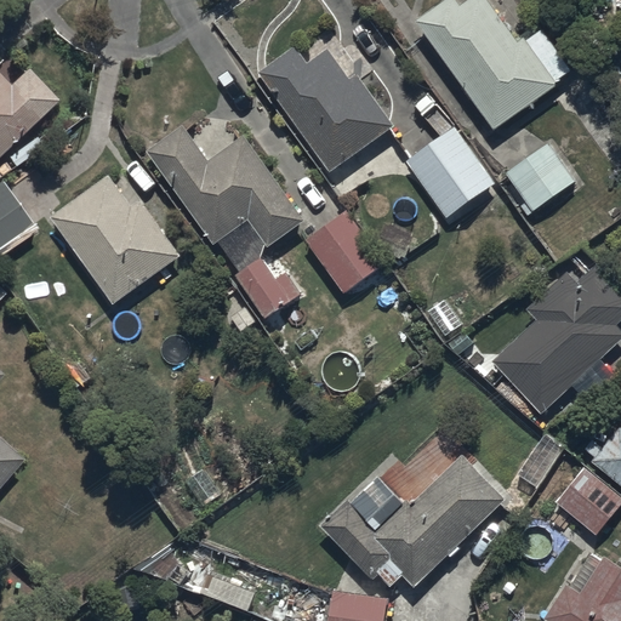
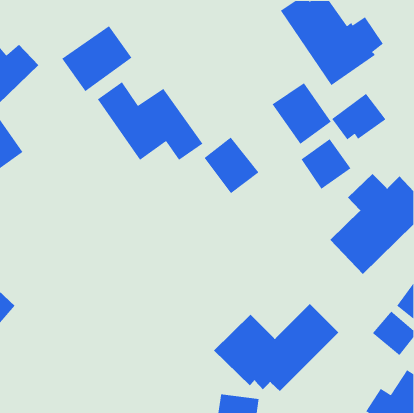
building: none -> [61,25,133,92]
building: [260,46,392,170] -> none
building: [47,172,180,304] -> none
building: none -> [300,138,351,190]
building: [233,255,304,319] -> none

